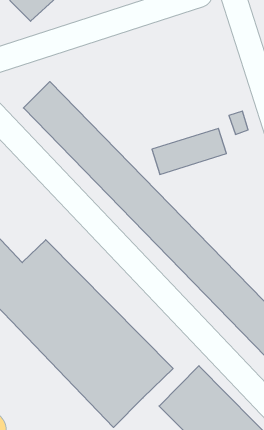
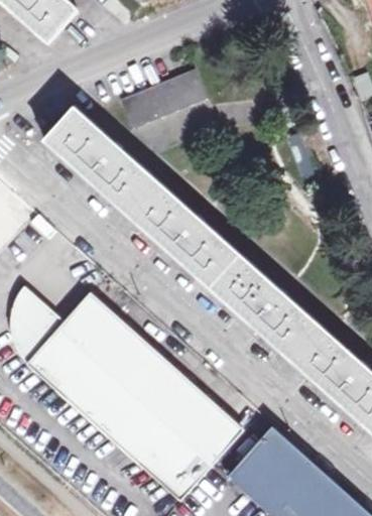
building: [152,128,226,174] -> [123,70,209,127]

